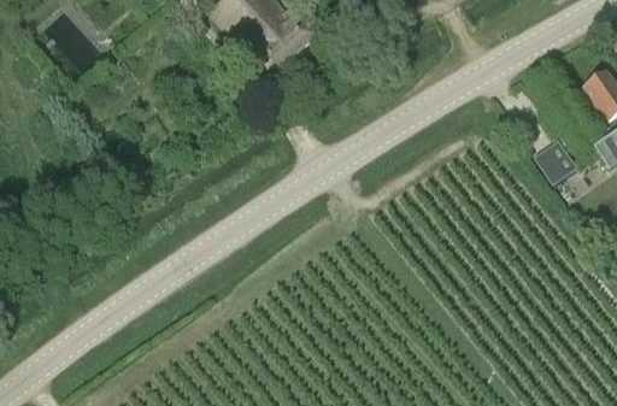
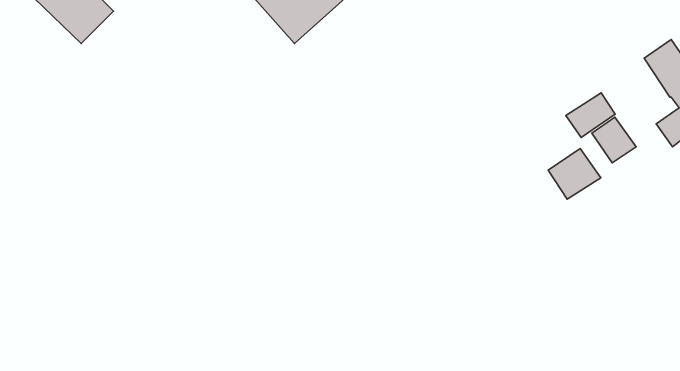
building: none -> [566,93,615,137]
building: none -> [548,148,601,199]

